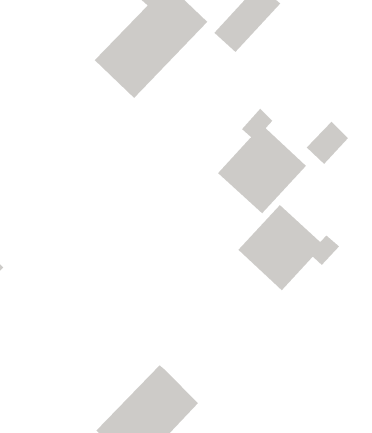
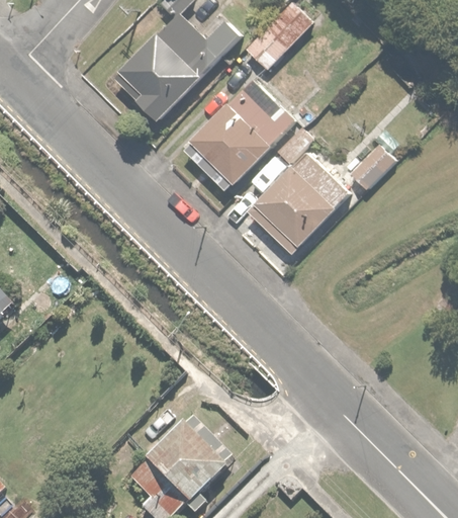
building: none -> [180,72,297,190]
building: [237,204,340,291] -> none

